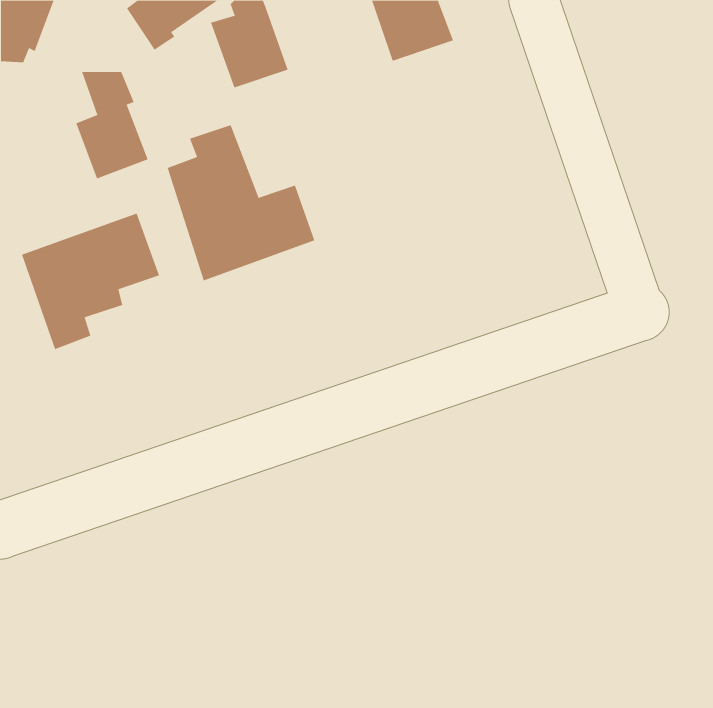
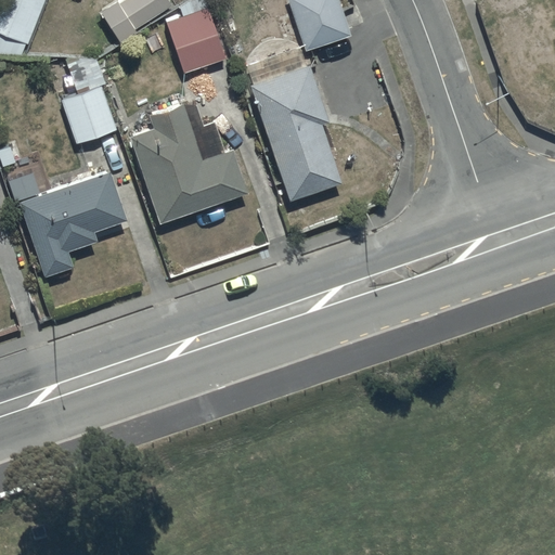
building: none -> [249,65,340,202]

